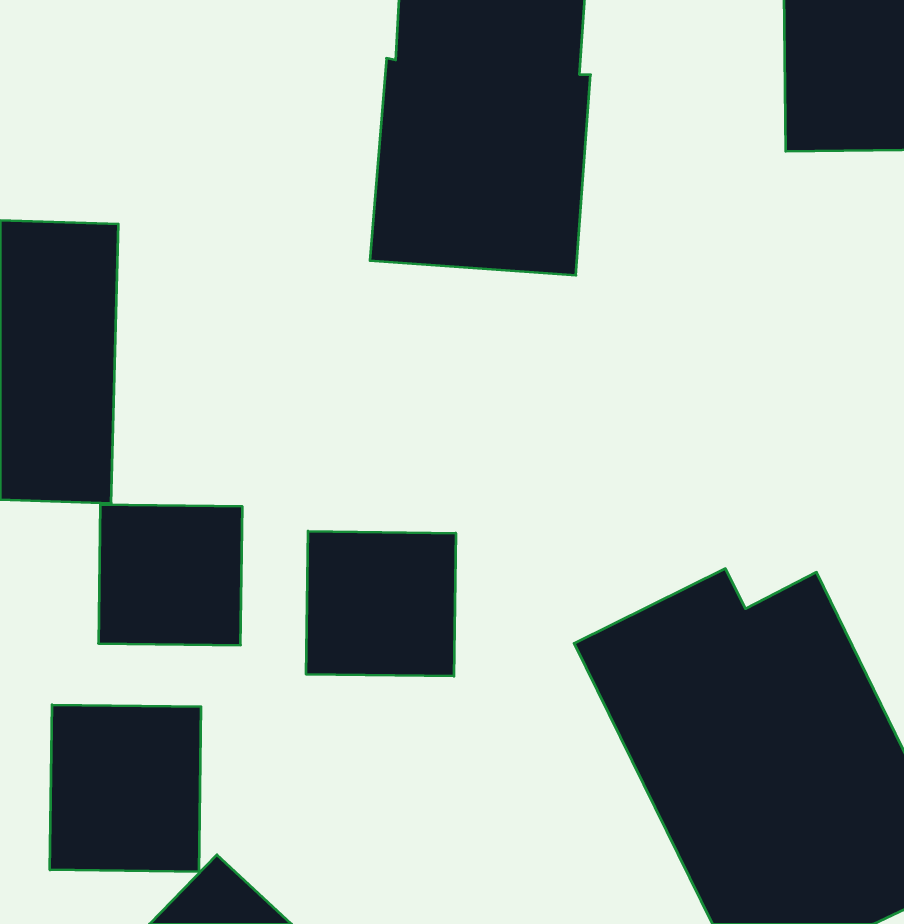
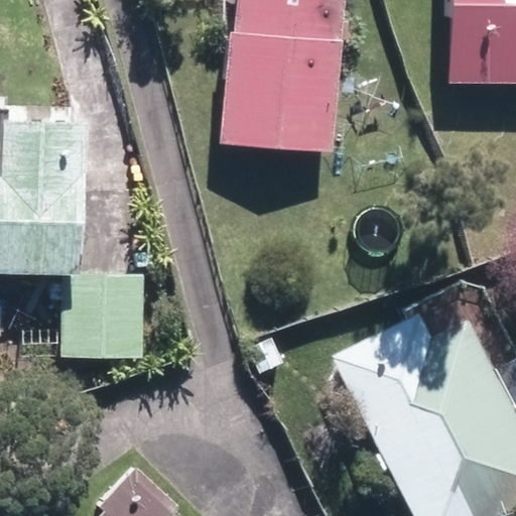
building: [306,531,456,676] -> none
building: [50,705,201,872] -> none

